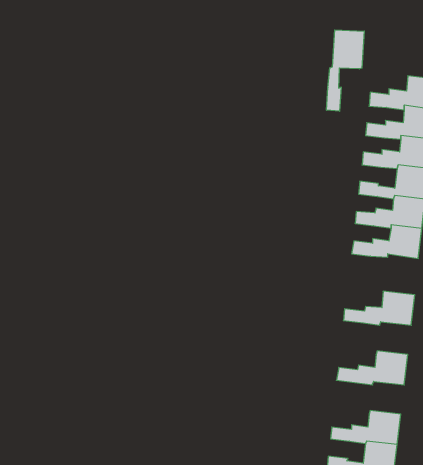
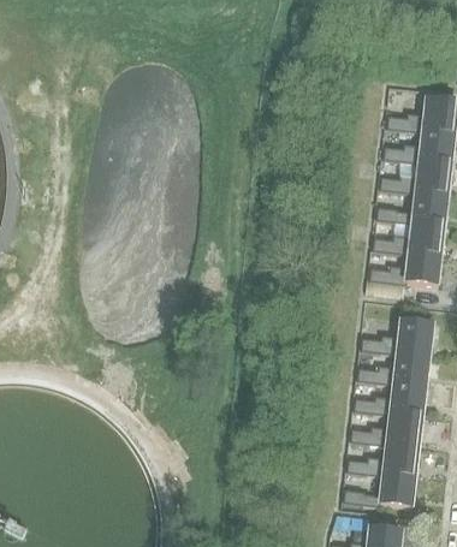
building: [327,30,364,111] -> none
building: none -> [356,349,429,382]
building: none -> [349,410,422,444]

